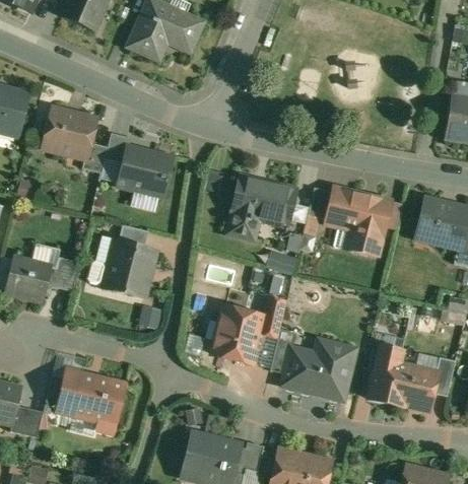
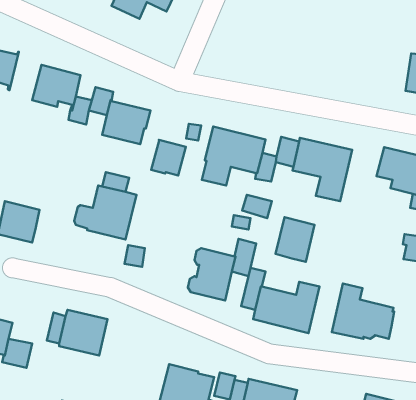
building: none -> [151,140,186,176]
building: [47,256,79,290] -> none
building: none -> [276,217,315,262]
building: [433,356,455,396] -> none

